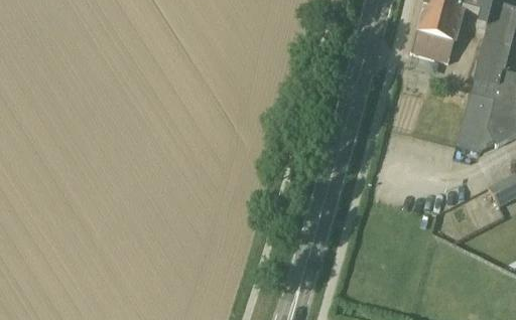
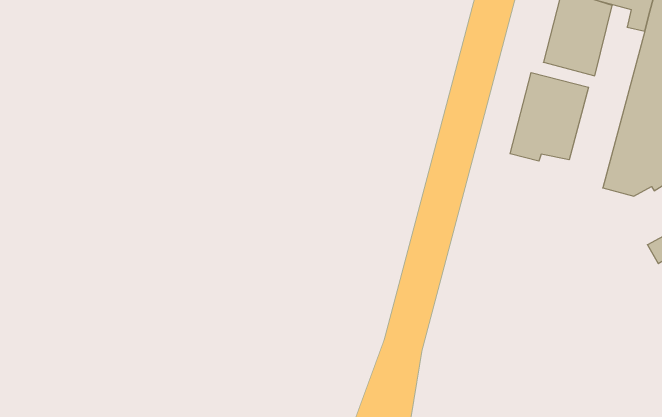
building: none -> [510,73,589,161]

